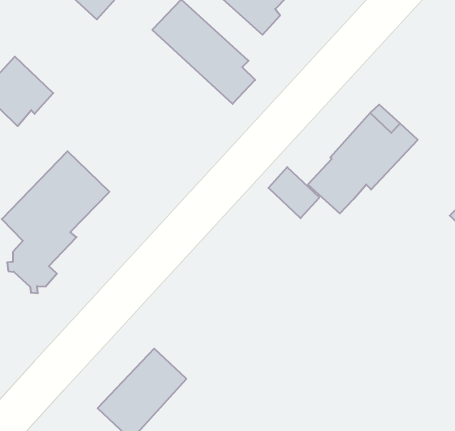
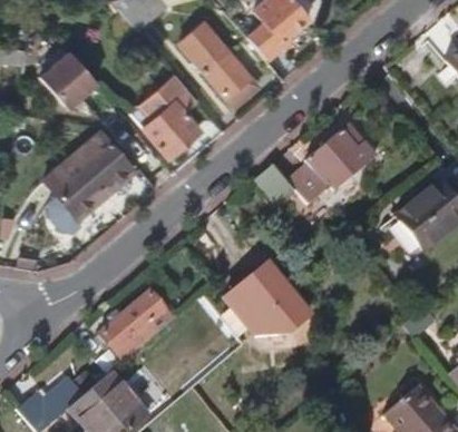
building: none -> [133,89,199,157]
building: none -> [226,264,311,331]

